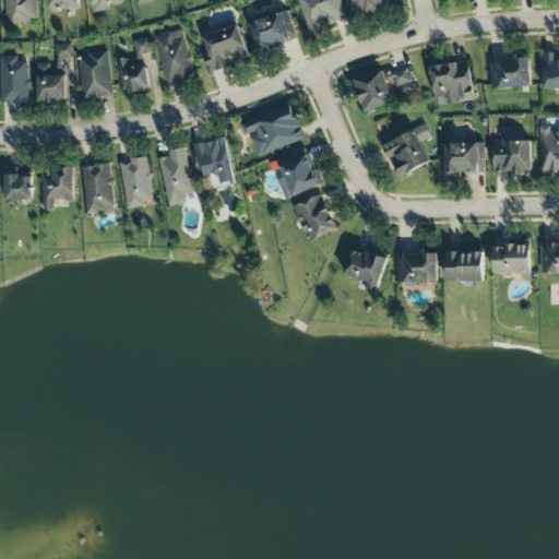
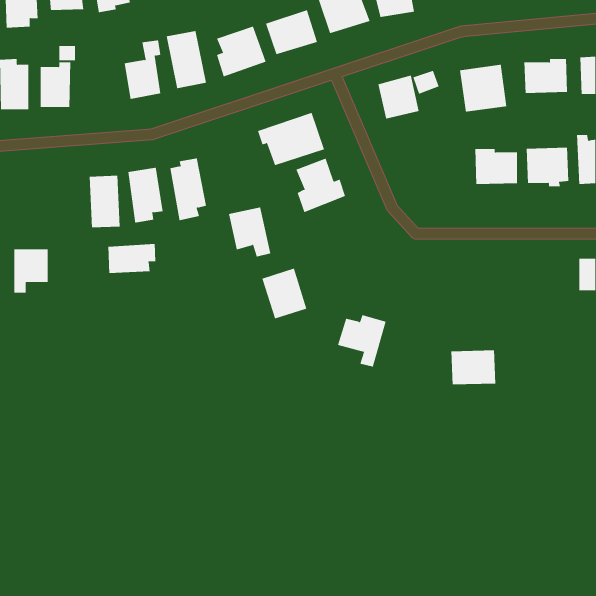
building: [78,50,112,99] -> none
building: [381,123,431,176] -> none
building: [194,136,235,183] -> [228,207,271,257]
building: [41,168,74,210] -> [14,249,49,293]
building: [5,171,32,199] -> none
building: [294,193,336,241] -> [262,268,307,319]
building: none -> [108,243,156,274]
building: [492,245,531,274] -> none
building: [343,246,389,295] -> [337,315,386,367]
building: [447,248,484,282] -> none
building: [395,250,438,283] -> [451,350,496,385]

